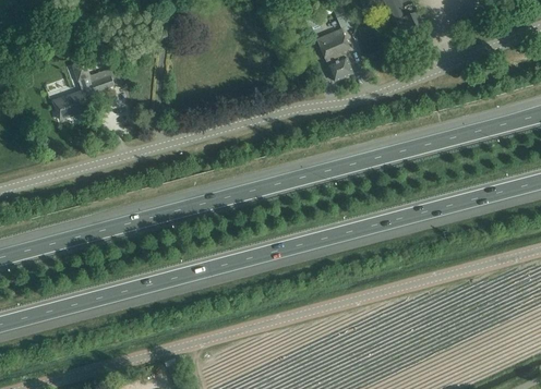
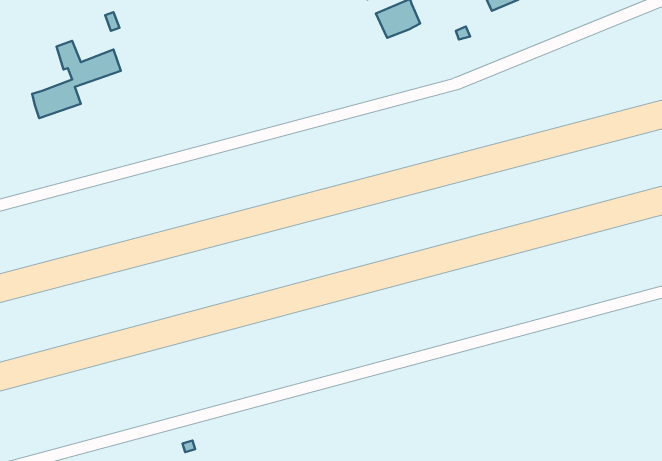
building: [323,50,351,80] -> none

